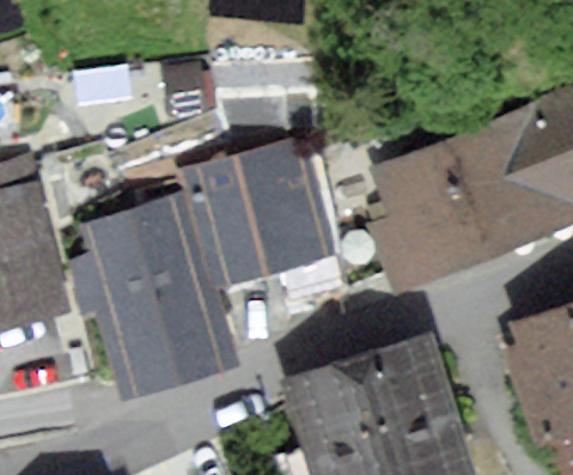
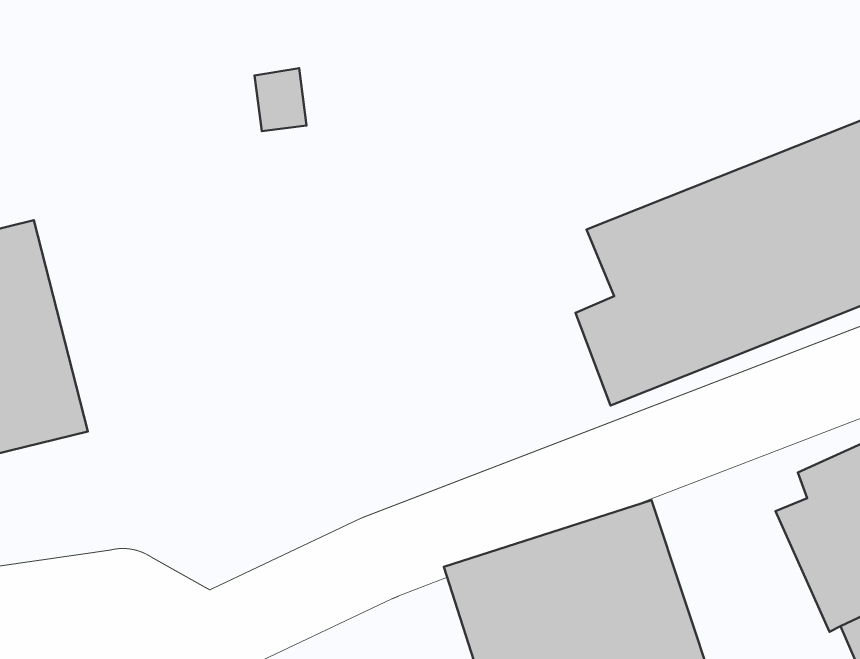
building: [199,164,323,276] -> none
building: [89,201,226,384] -> none

